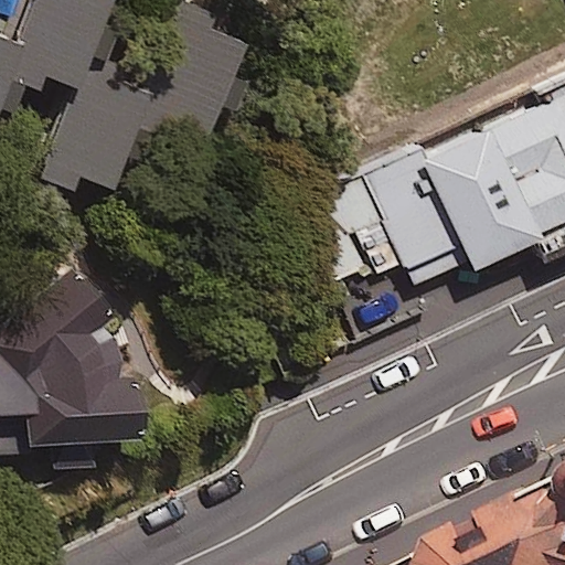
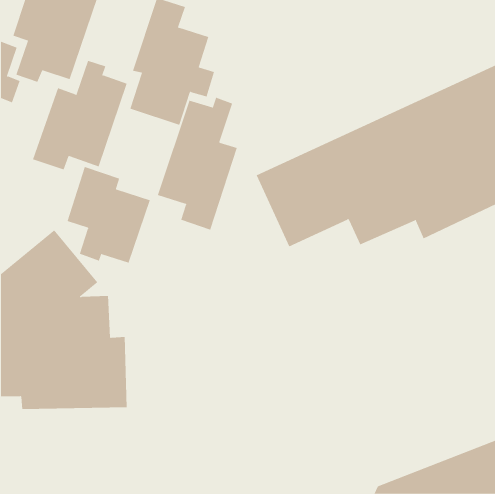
building: none -> [157,97,238,230]
building: none -> [67,166,150,263]

